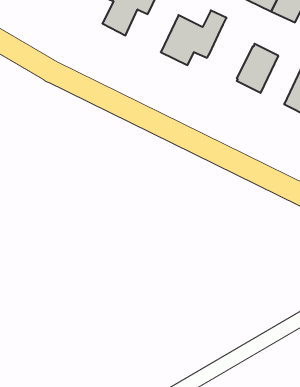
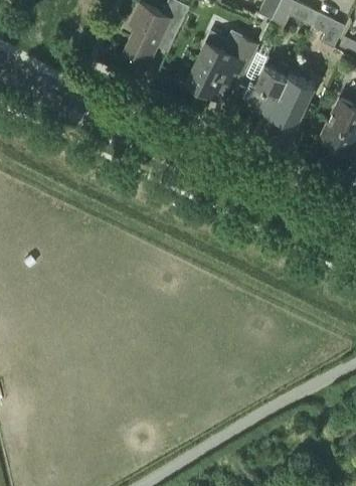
building: none -> [240,52,291,110]

